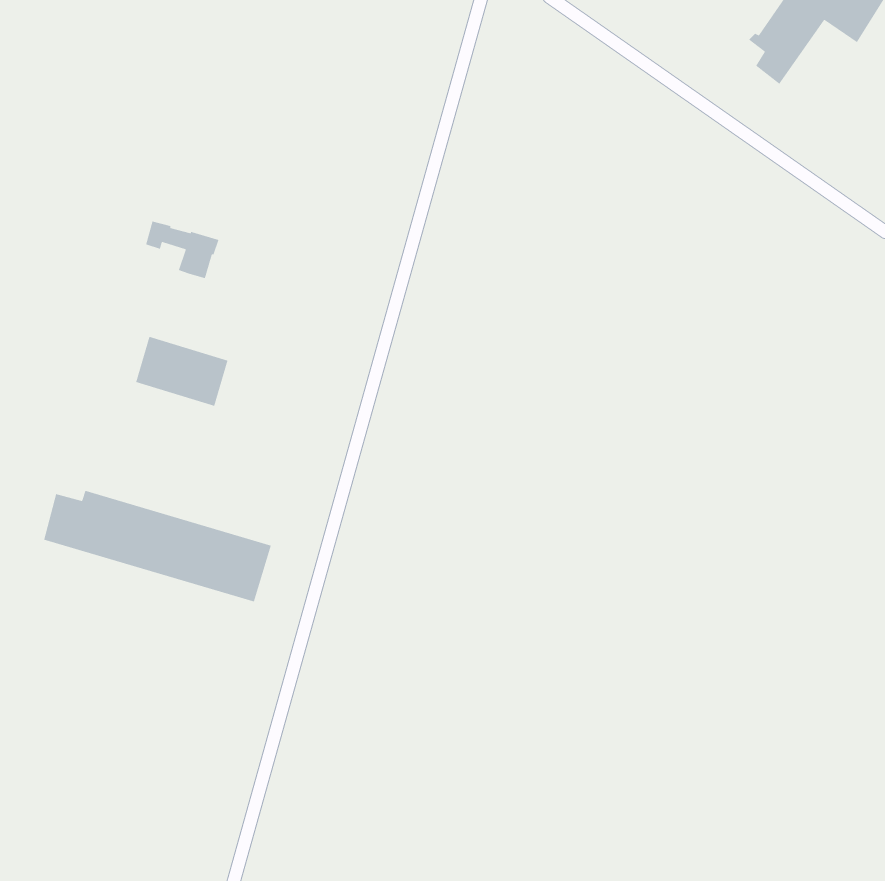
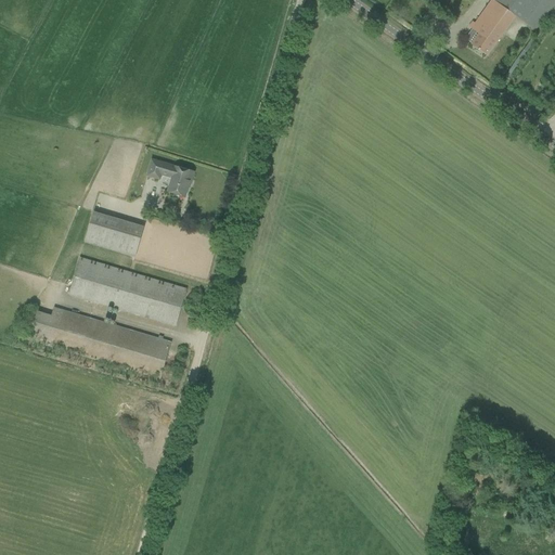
building: [145,220,220,279] -> [147,158,194,195]
building: none -> [69,257,186,324]

